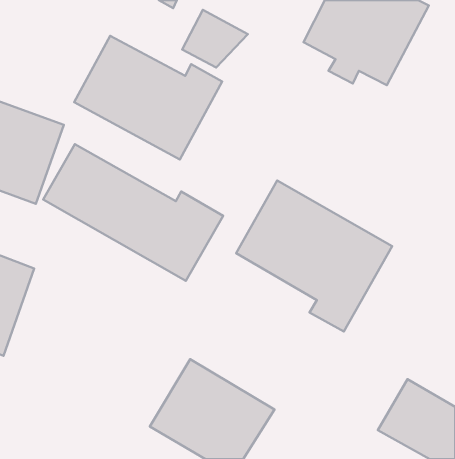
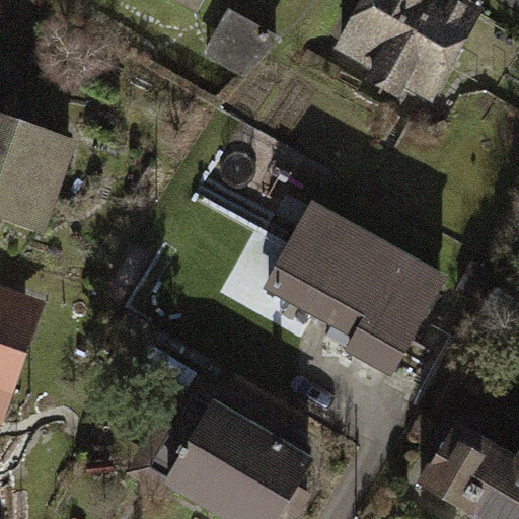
building: [74,36,222,159] -> none
building: [43,144,223,281] -> none

